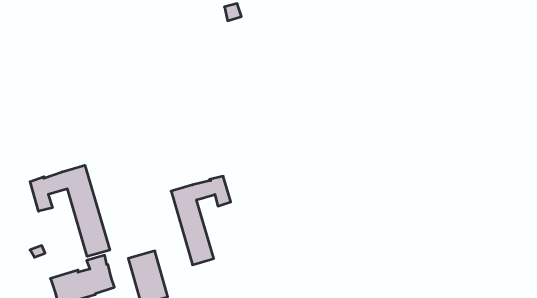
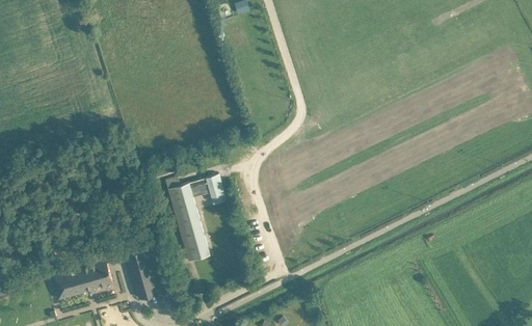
building: [30,165,110,256] -> none

